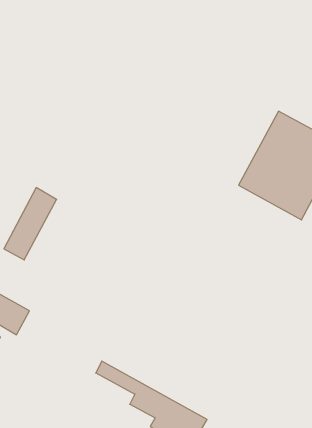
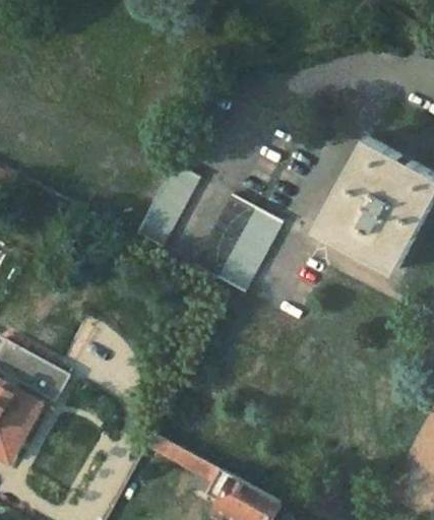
building: none -> [192,194,283,294]
building: [4,188,57,260] -> [136,161,199,248]

